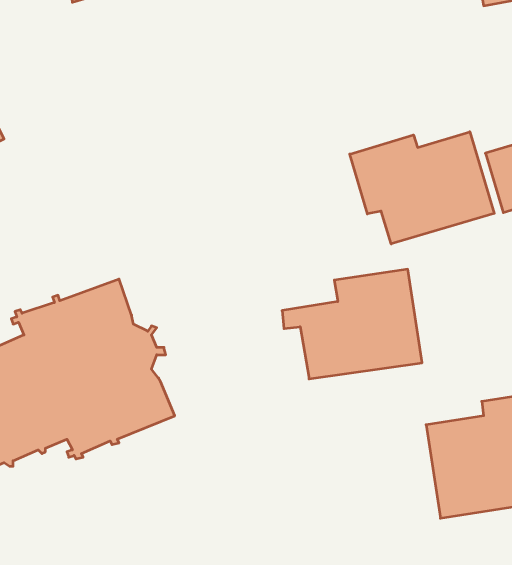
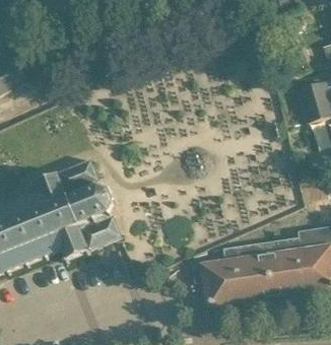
building: [350,132,494,244] -> none
building: [282,269,422,379] -> [194,242,273,303]

